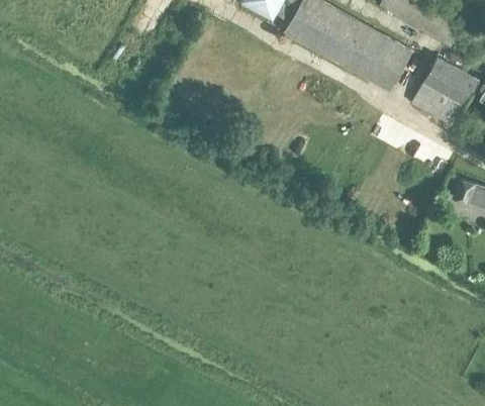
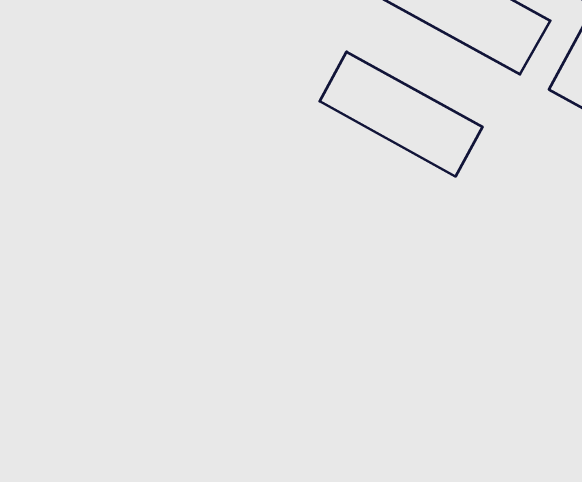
building: none -> [320,52,482,176]

